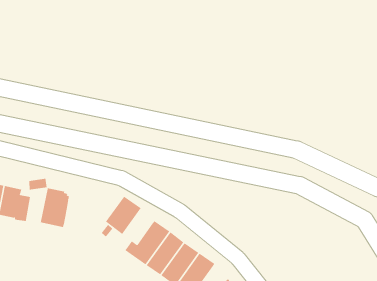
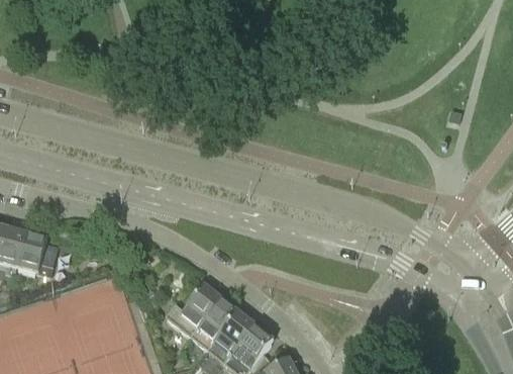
building: [40,187,70,228] -> none
building: [105,196,142,235] -> none

